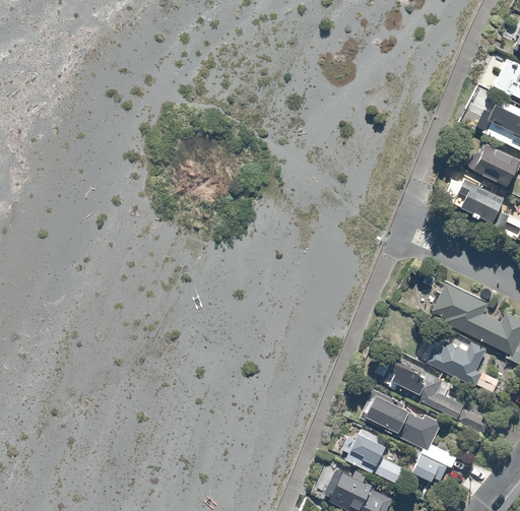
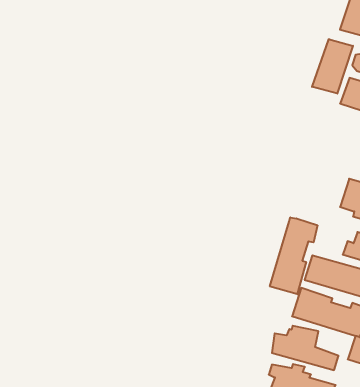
building: none -> [312,39,353,94]
building: none -> [270,217,317,294]

